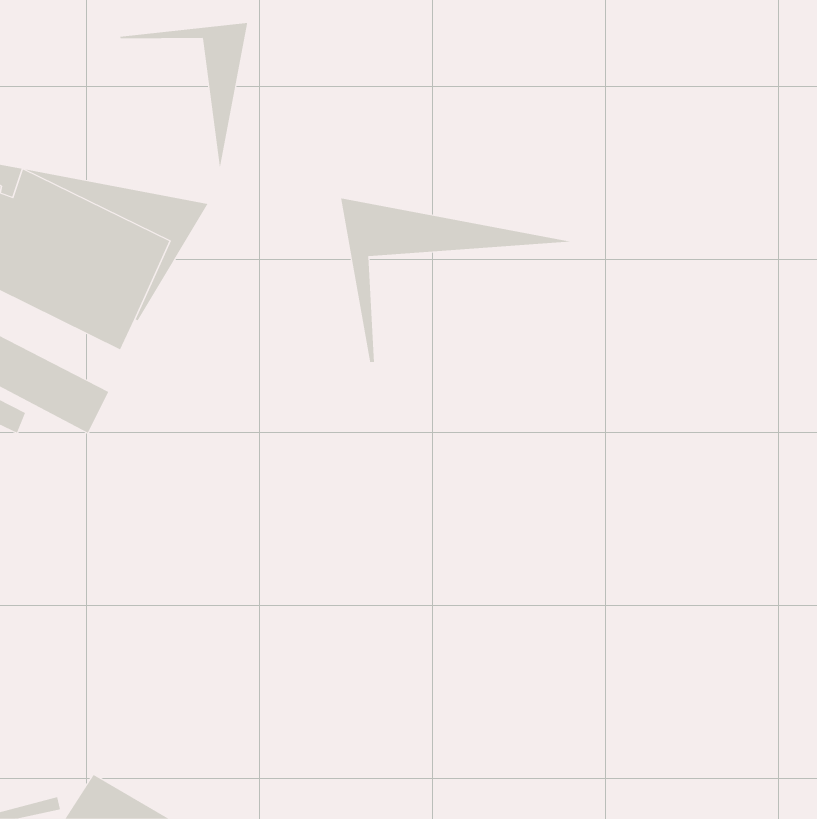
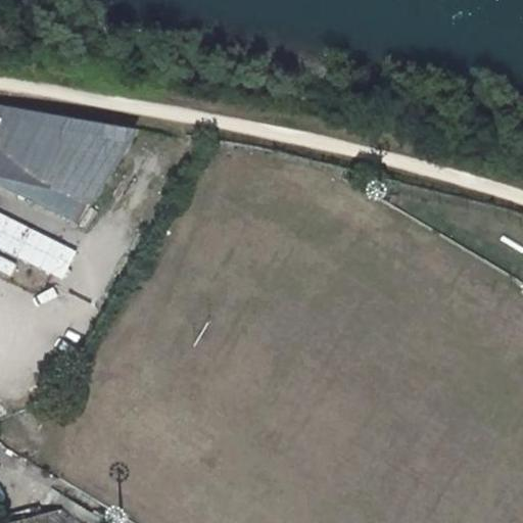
building: [120,22,248,170] -> none
building: [340,197,575,363] -> none

